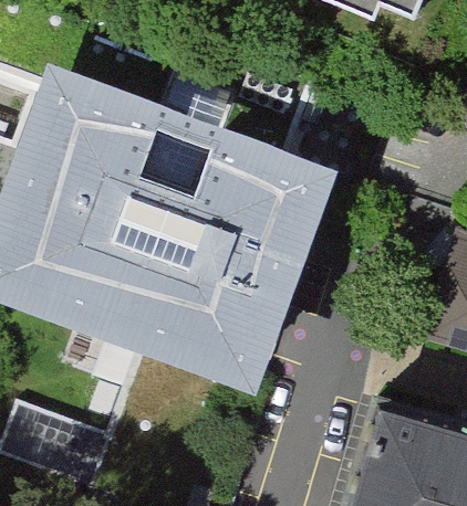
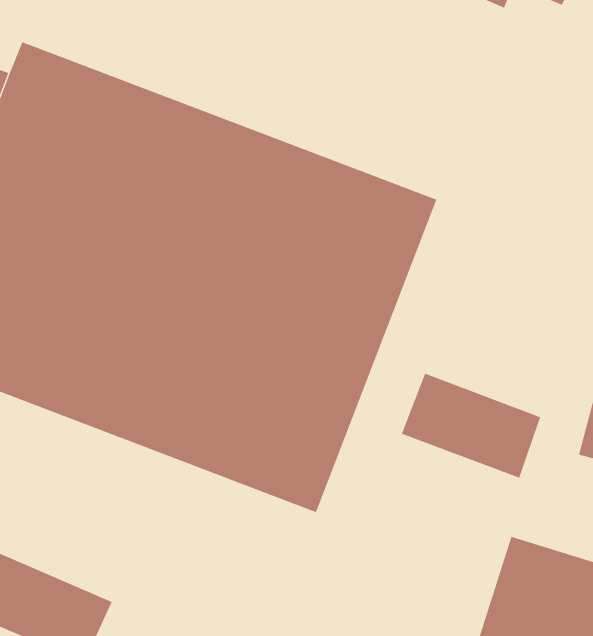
building: none -> [401,373,541,478]

